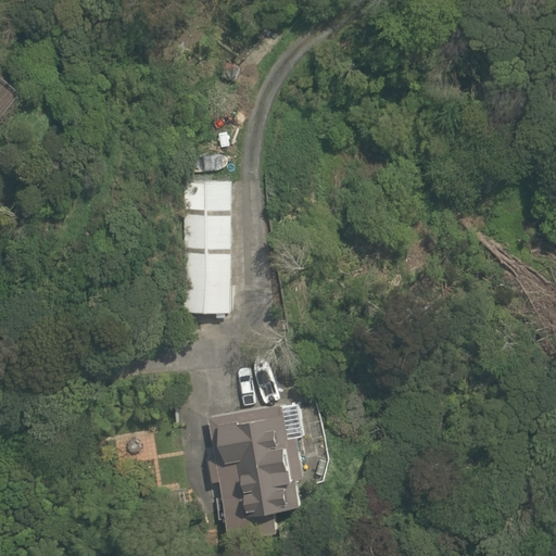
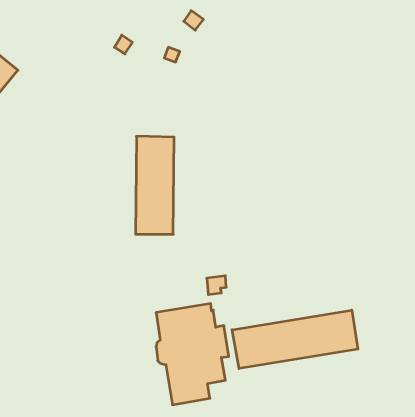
building: none -> [232,310,358,369]

